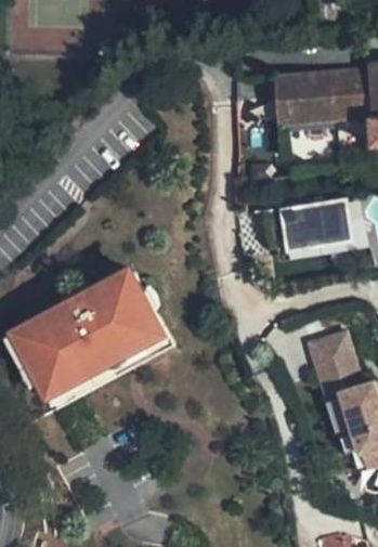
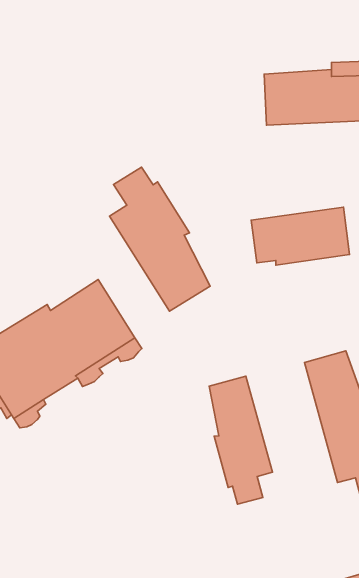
building: none -> [110,167,210,311]
building: none -> [209,376,273,504]

